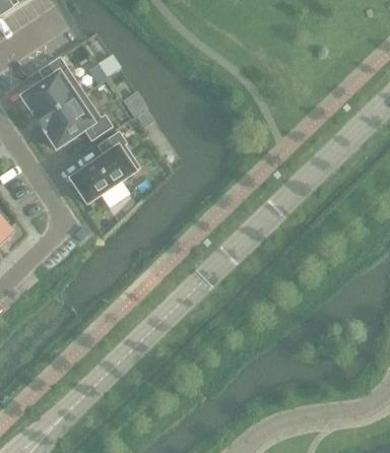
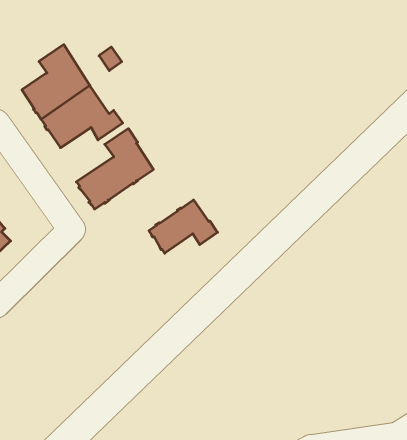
building: none -> [149,200,218,253]

